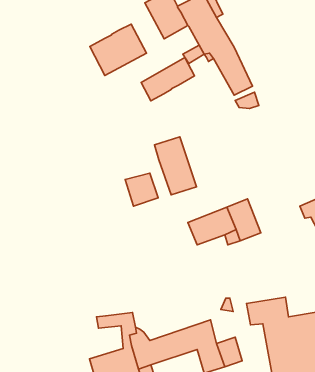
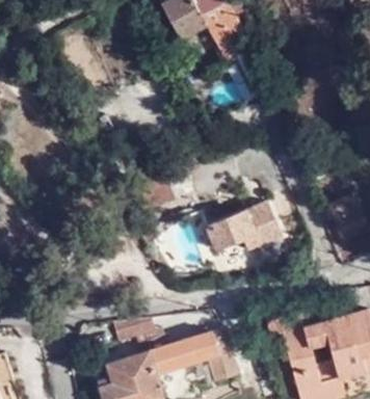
building: [90,24,146,76] -> none
building: [141,58,195,101] -> none
building: [154,137,197,195] -> none

